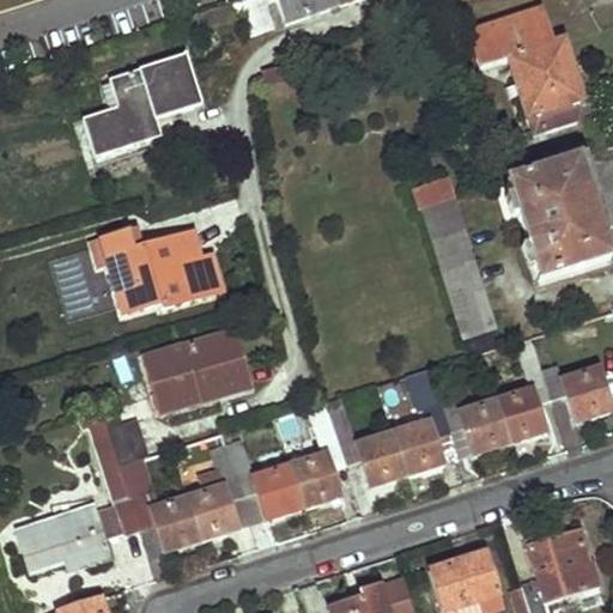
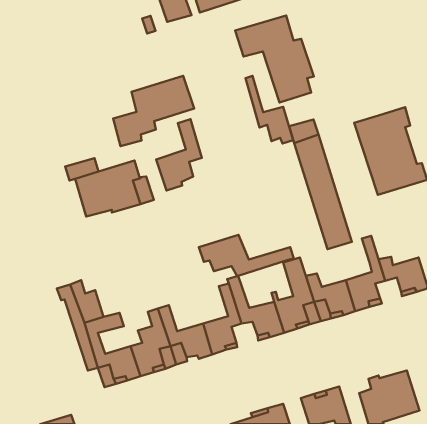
building: [469,8,582,133] -> [235,15,314,102]
building: [87,50,204,151] -> [113,76,194,146]
building: none -> [245,76,293,144]
building: none -> [156,119,202,191]
building: [140,324,248,411] -> none
building: none -> [199,235,294,276]
building: [18,503,111,569] -> none

